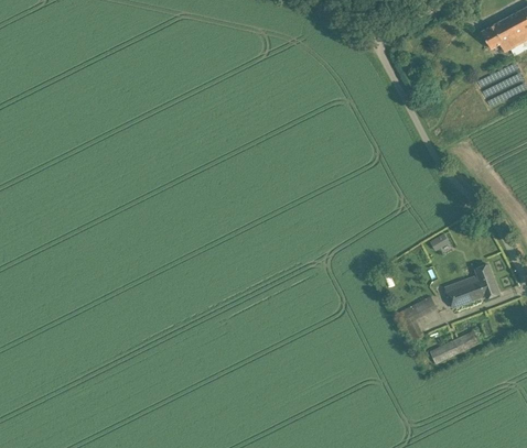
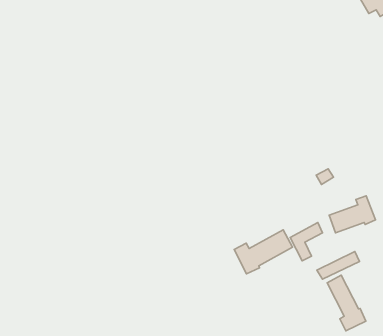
building: none -> [234,230,292,274]
building: none -> [327,275,366,331]

